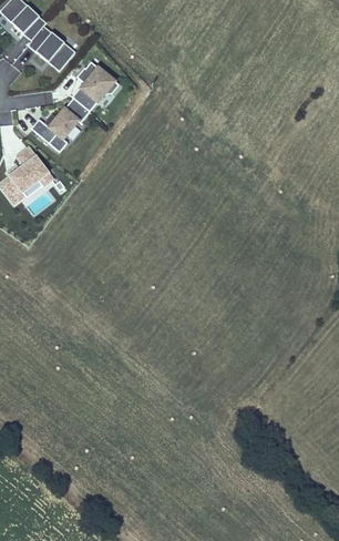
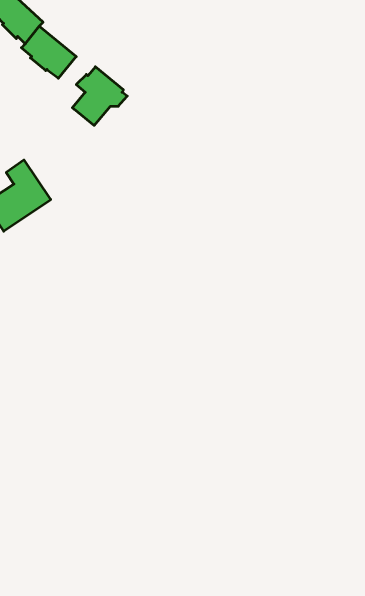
building: [30,98,91,153] -> none

